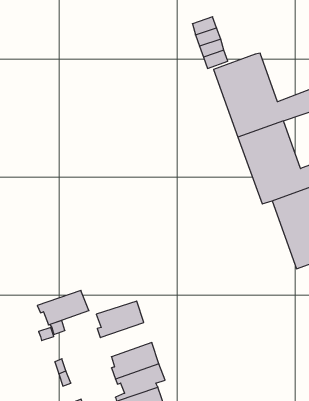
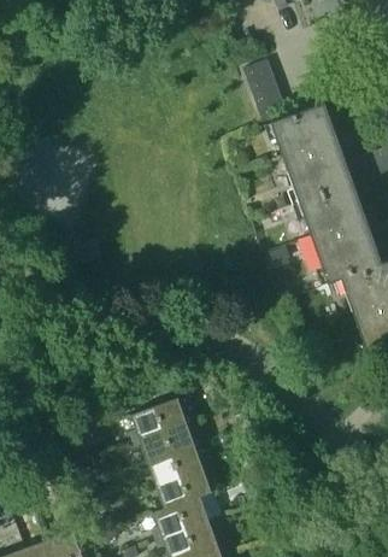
building: [37,290,89,325] -> [135,422,196,463]

